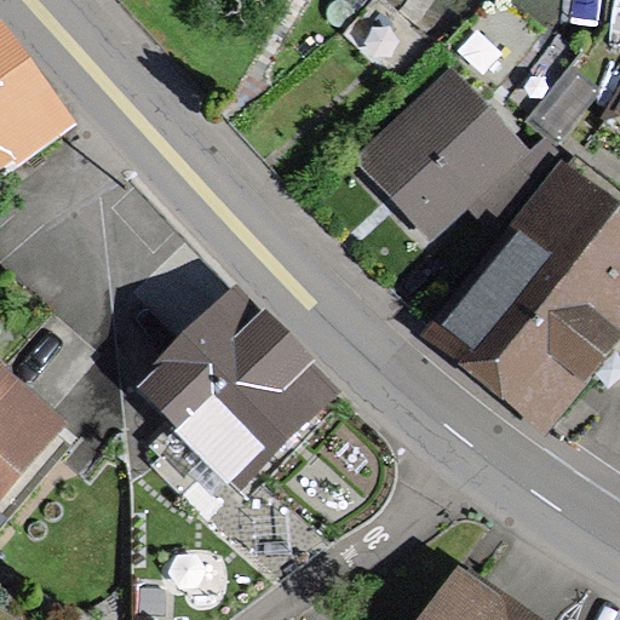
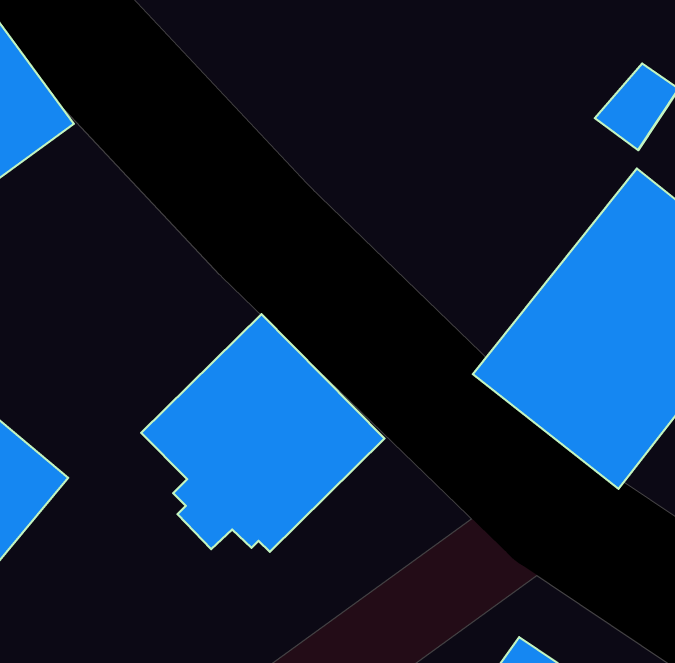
building: [352,64,564,241] -> none

